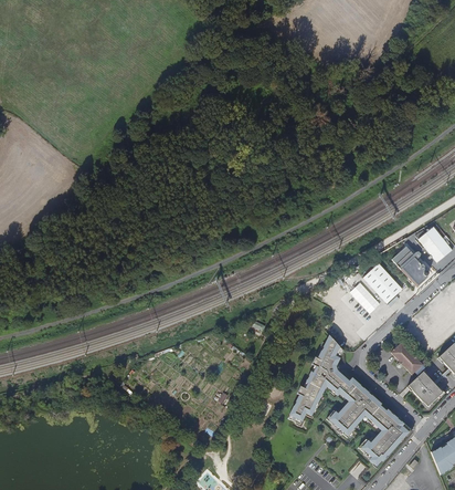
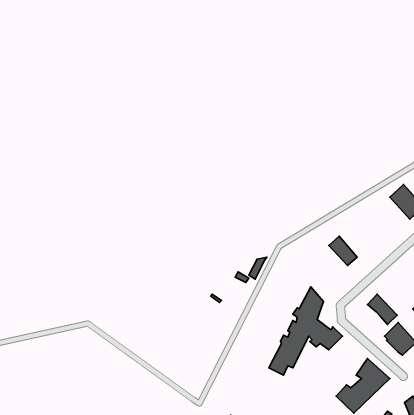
building: [390,244,427,286] -> none
building: [362,262,401,303] -> none
building: [328,386,391,438] -> none

